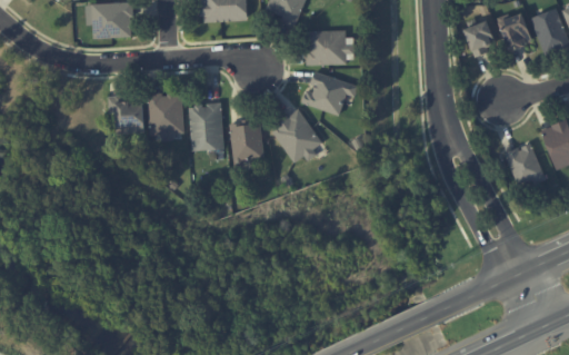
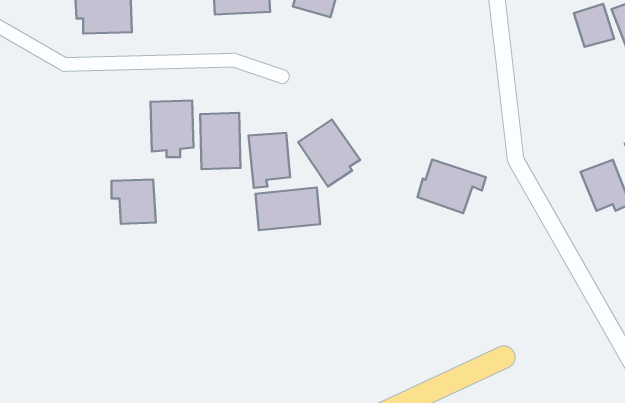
building: [465,20,498,56] -> none
building: [307,30,355,65] -> none
building: [302,71,359,116] -> [417,160,486,213]
building: [109,97,146,134] -> [111,180,156,224]
building: none -> [255,188,320,230]

